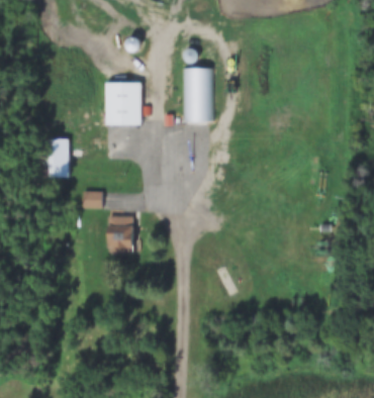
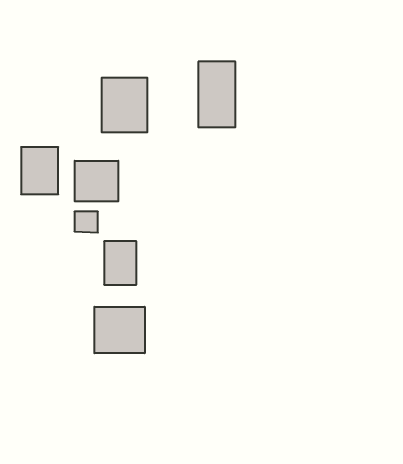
building: none -> [75,161,118,201]
building: none -> [94,307,145,353]

